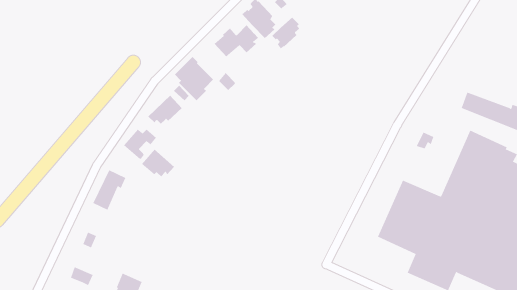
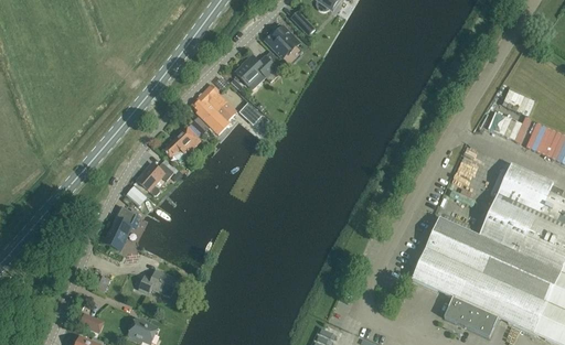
building: [271,17,300,49] -> none
building: [141,149,175,177] -> none
building: none -> [139,270,178,297]

